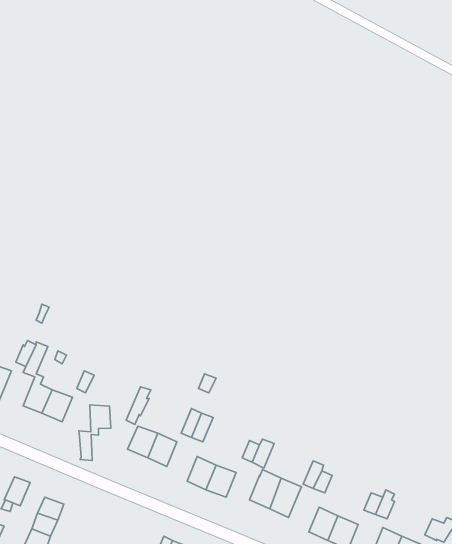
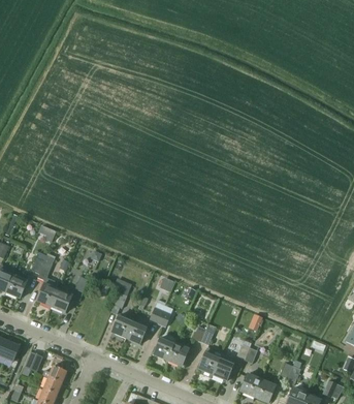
building: [79,405,111,461] -> none

